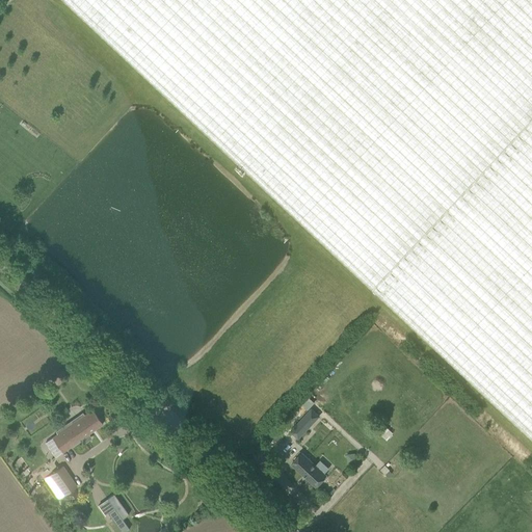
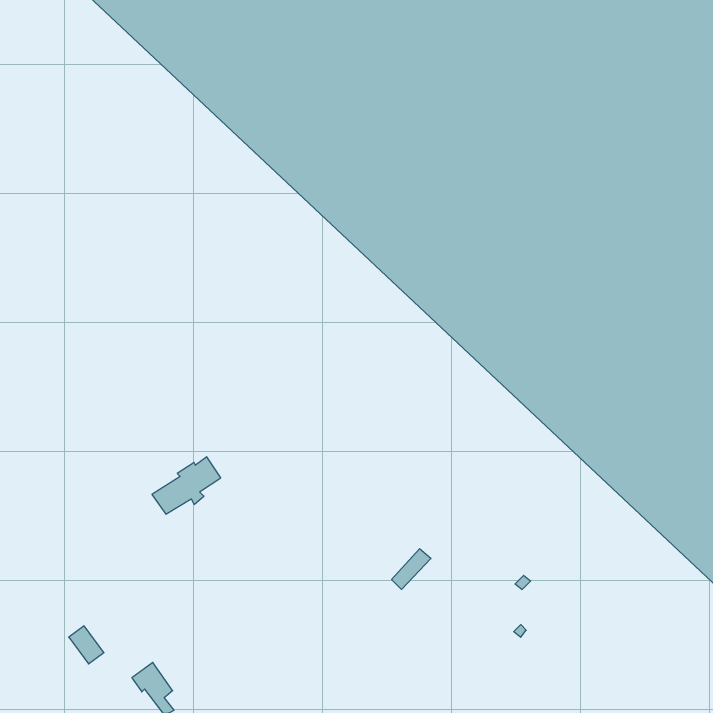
building: [55,405,106,448] -> [152,457,221,514]
building: [295,450,329,483] -> none

